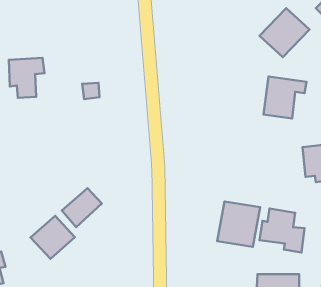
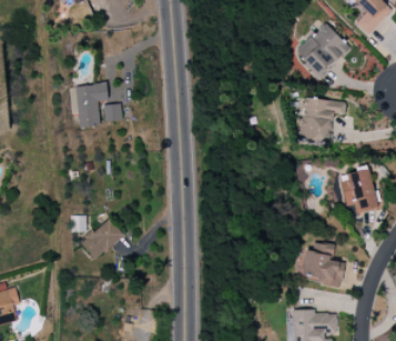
building: [9,58,45,98] -> [70,83,109,127]
building: [217,201,260,247] -> none
building: [31,216,75,259] -> none

